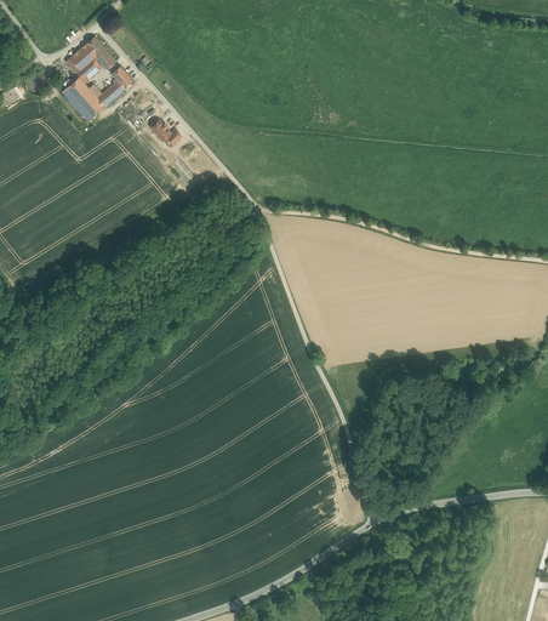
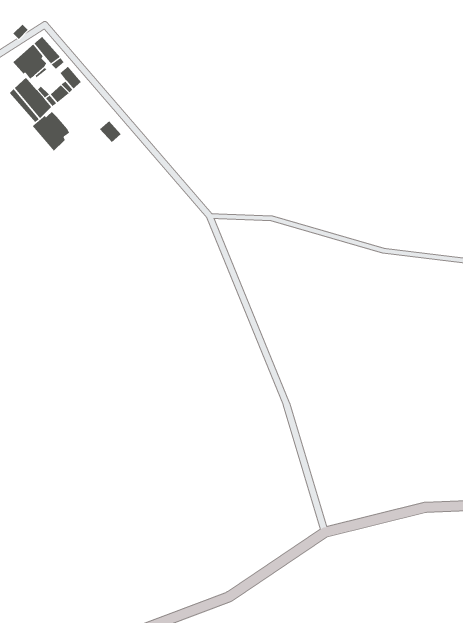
building: none -> [32,111,70,151]

